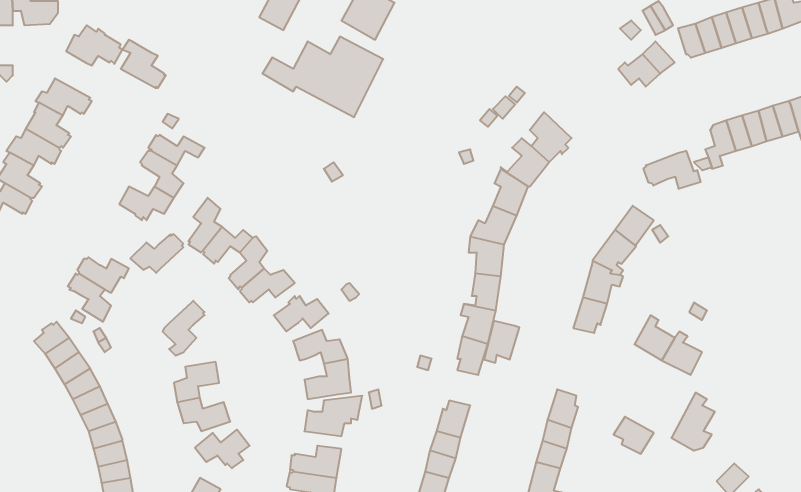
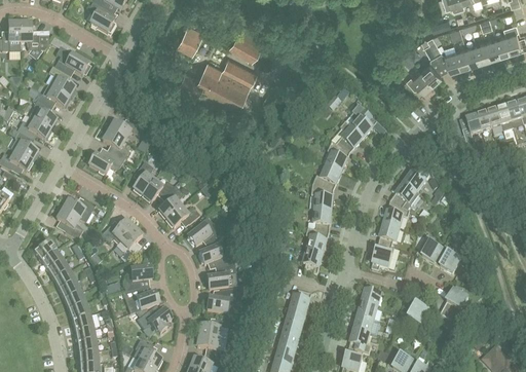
building: [121,40,166,88] -> [46,65,75,96]
building: [644,151,701,189] -> none
building: [130,234,183,273] -> [100,218,134,243]
building: [484,321,519,363] -> [371,243,393,269]

